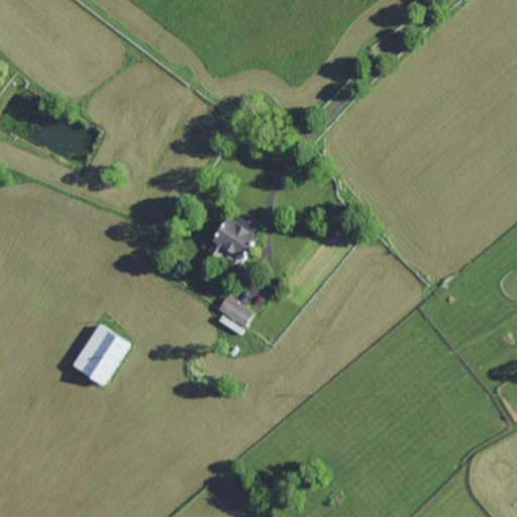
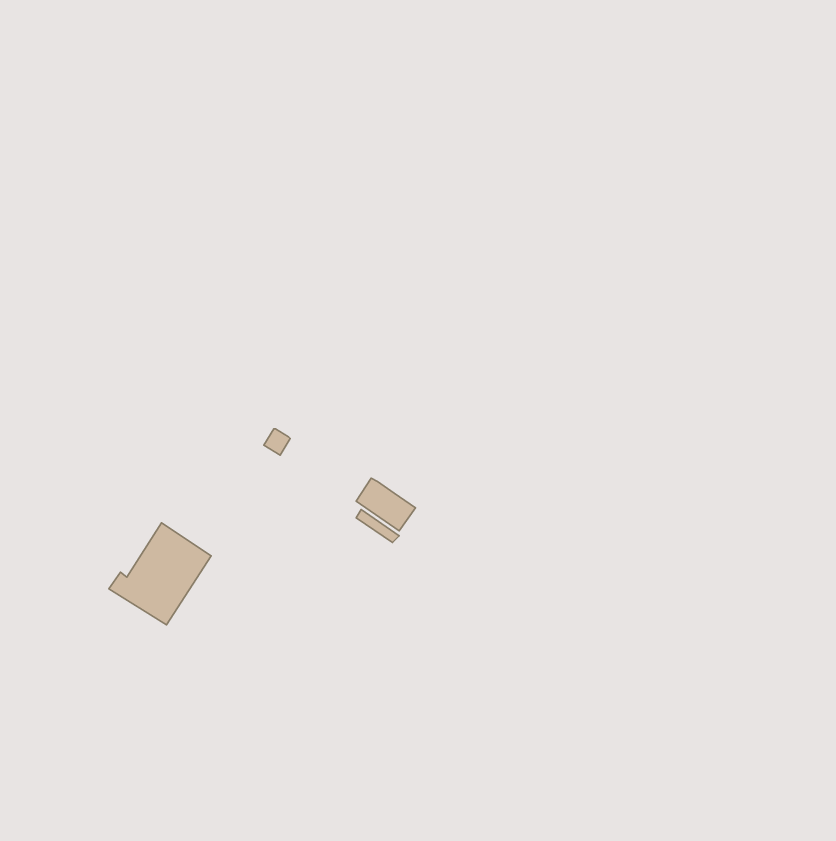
building: [207,219,261,271] -> none

